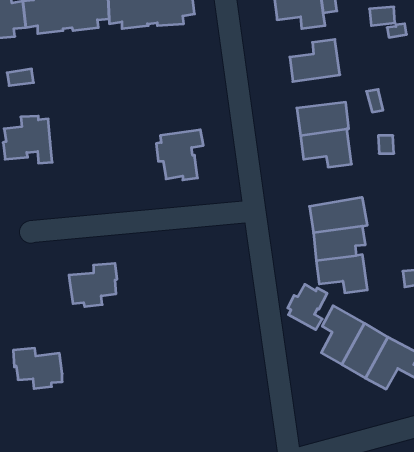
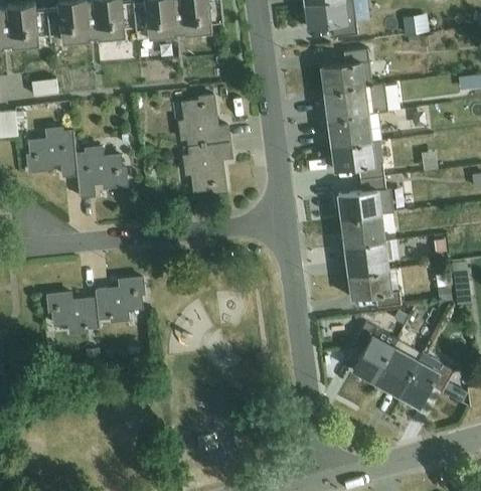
building: none -> [323,85,386,120]
building: none -> [177,96,228,148]
building: none -> [74,147,126,198]
building: none -> [337,177,393,220]
building: [288,284,327,330] -> none
building: [13,348,62,389] -> [47,294,98,335]

